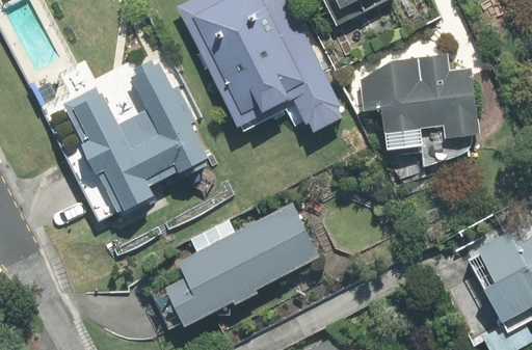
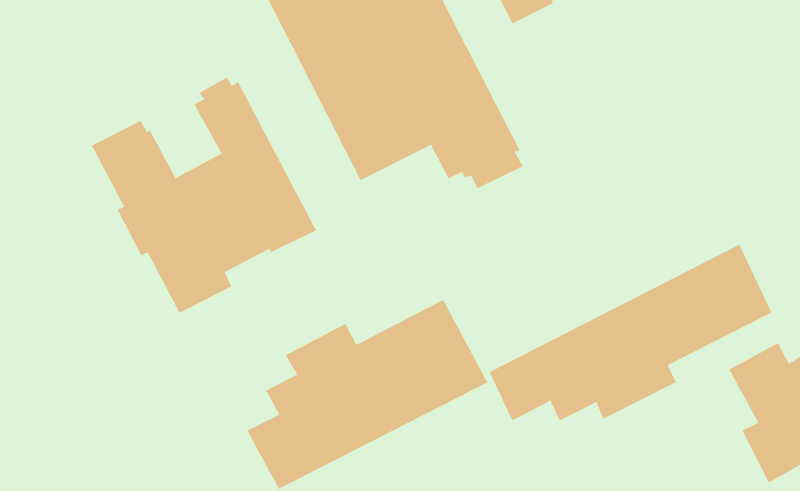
building: [358,55,479,139] -> none
building: none -> [489,244,772,421]

